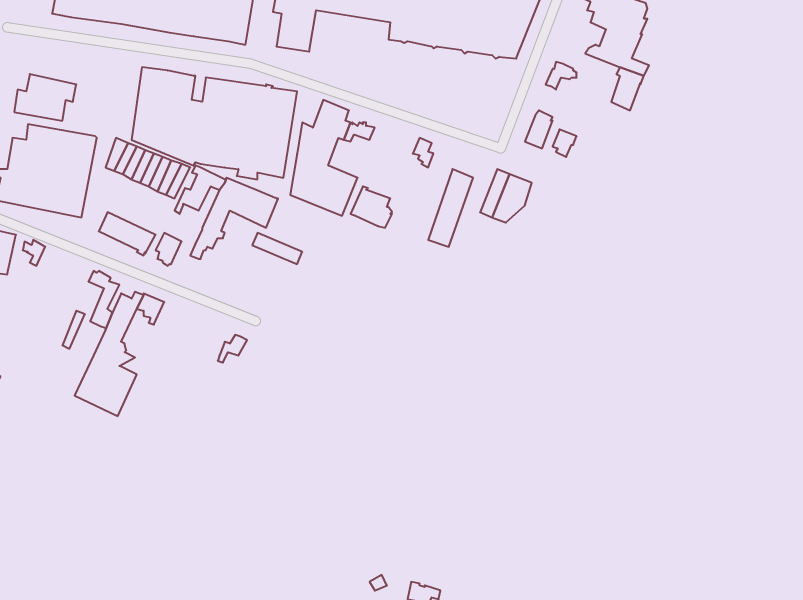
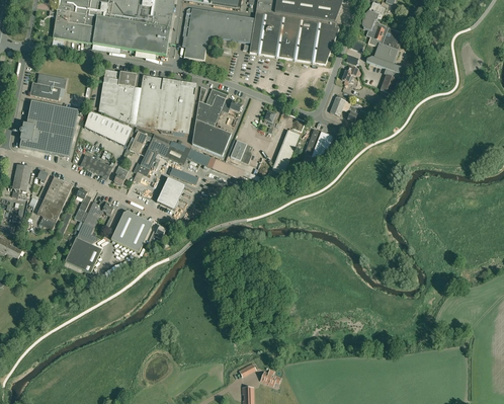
building: none -> [37,175,73,229]
building: none -> [158,175,186,208]
building: none -> [111,210,153,251]

